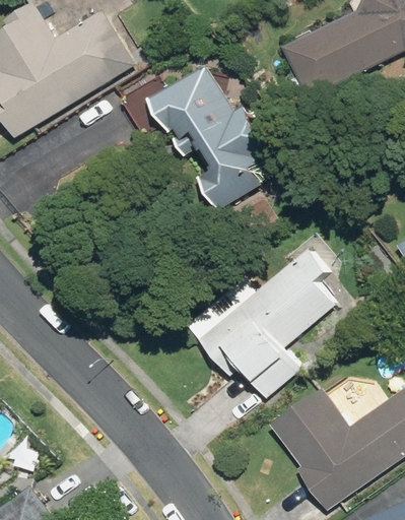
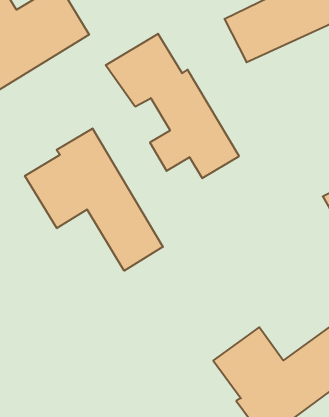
building: none -> [25,128,163,271]
building: [188,251,336,397] -> none

